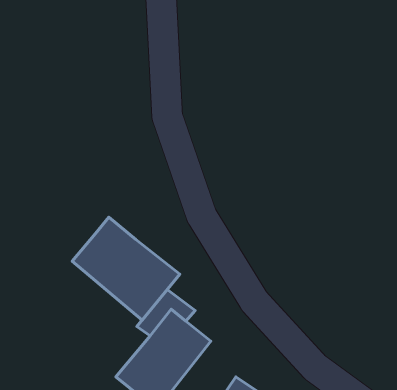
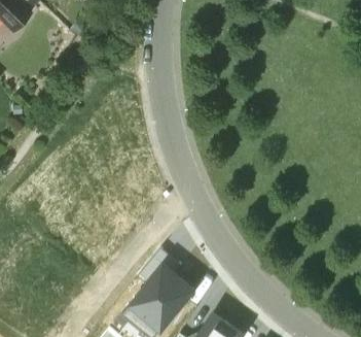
building: [72,217,180,320] -> none

